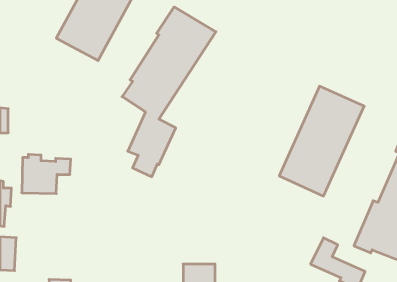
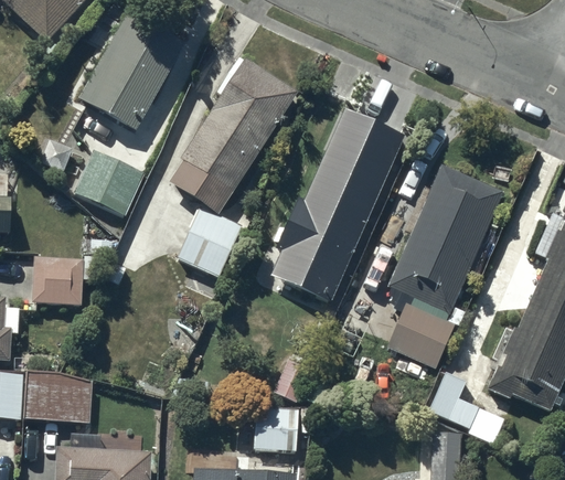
building: none -> [276,105,409,302]
building: none -> [72,150,145,217]
building: none -> [384,305,451,367]
building: none -> [24,374,92,424]

